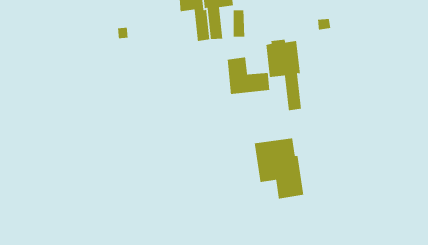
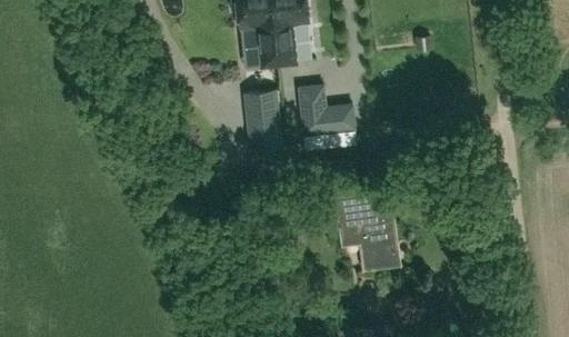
building: [266,39,302,111] -> none
building: none -> [243,92,282,151]

